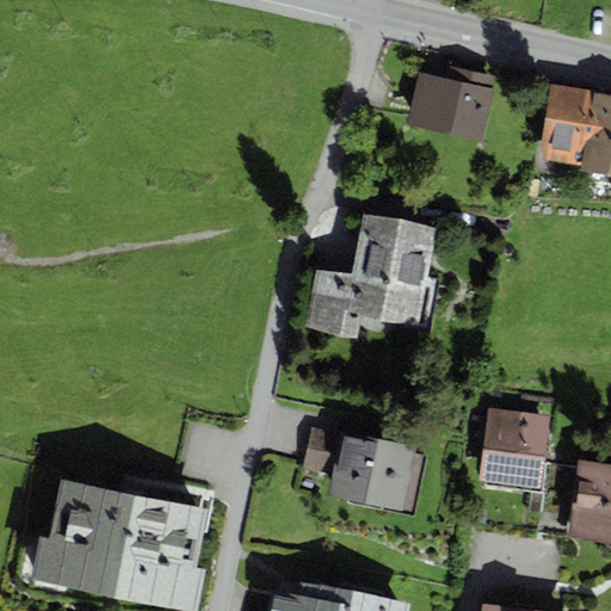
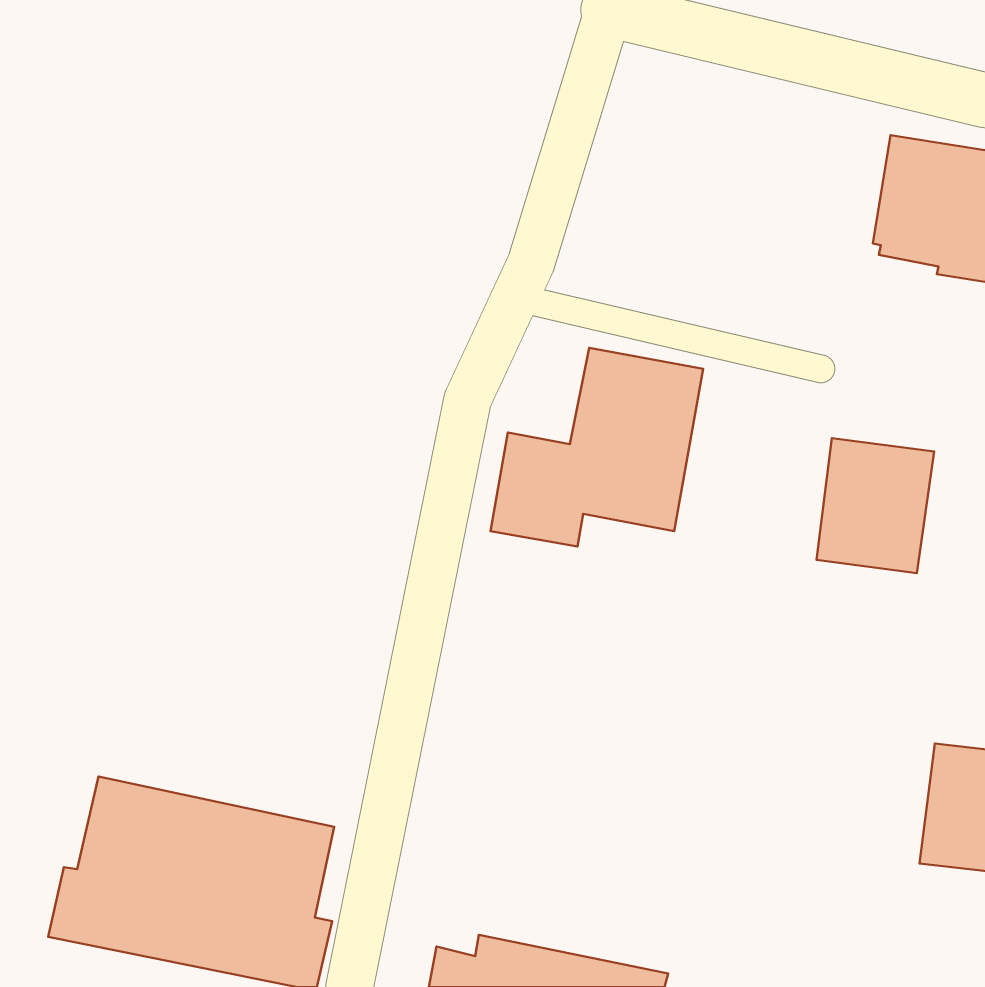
building: [407,67,498,142] -> none
building: [479,407,551,490] -> [816,438,934,573]
building: [303,426,426,516] -> none

